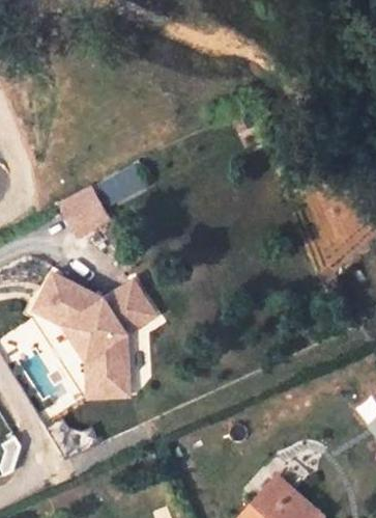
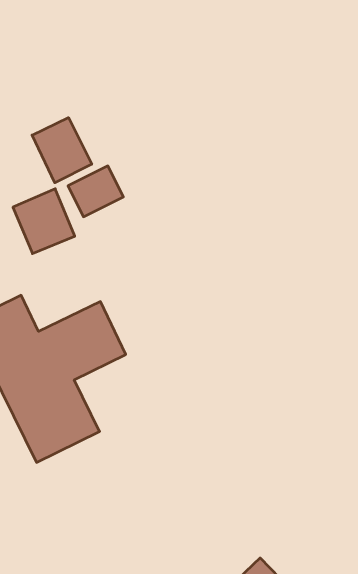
building: none -> [32,118,92,183]

